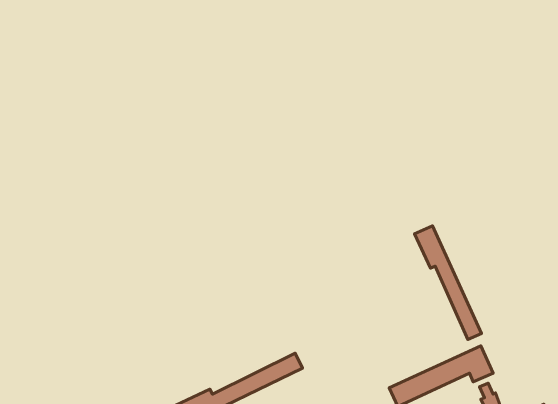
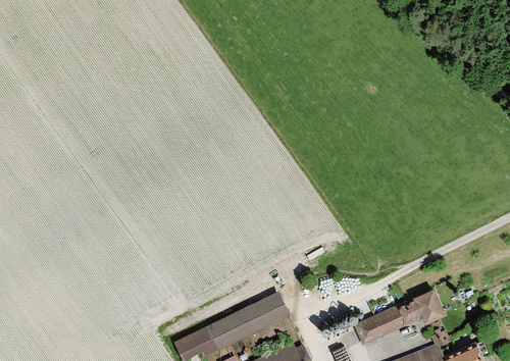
building: [414,226,481,340] -> none

